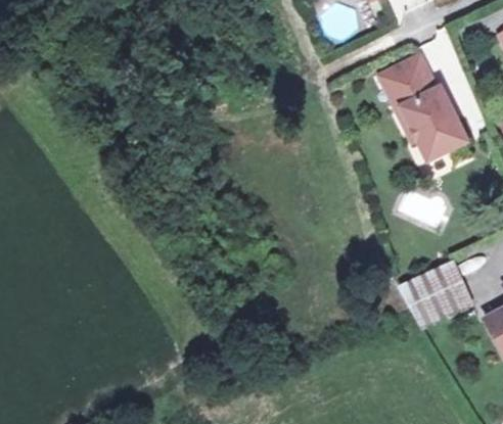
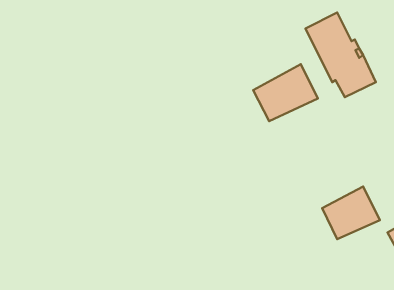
building: none -> [253,64,318,121]

